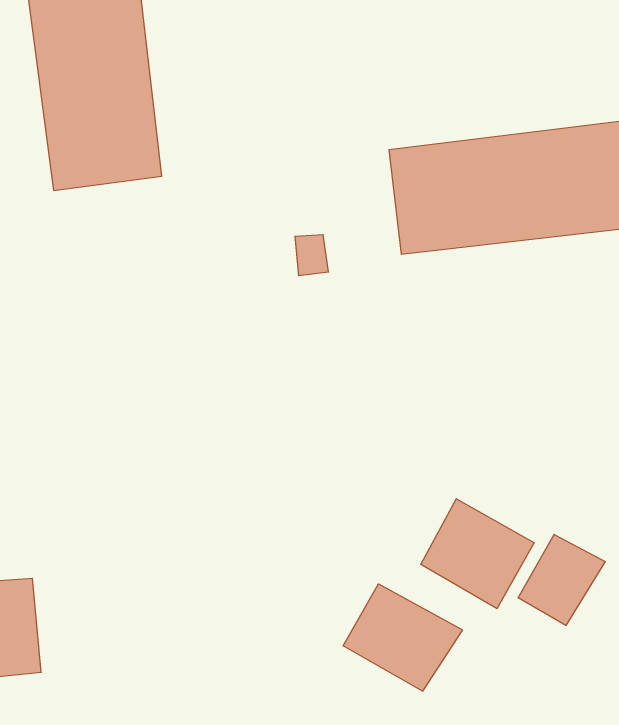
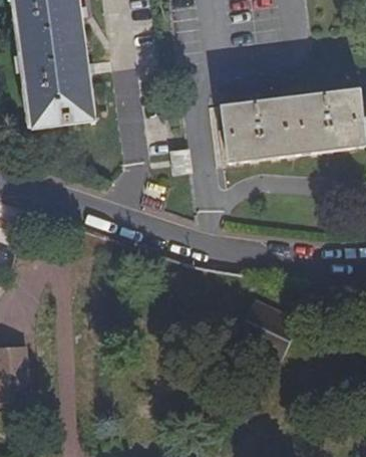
building: [518,534,605,625] -> none
building: [343,584,462,691] -> none

